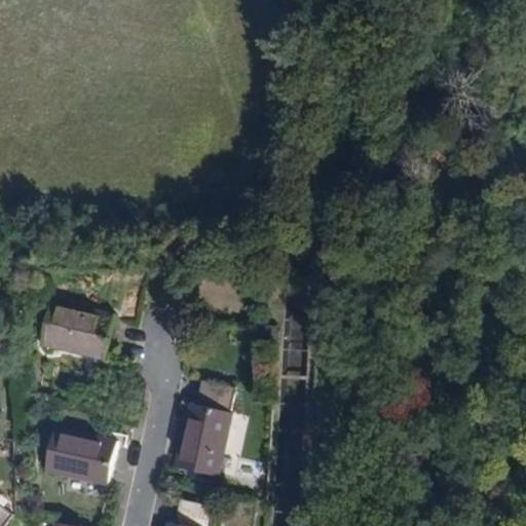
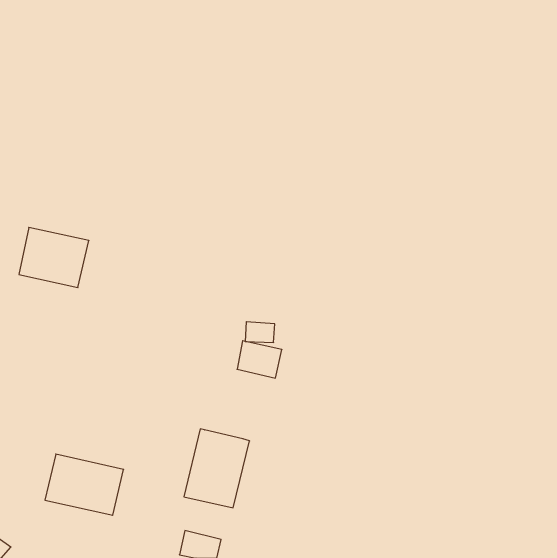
building: [42,305,108,362] -> [19,227,89,288]
building: [192,377,234,412] -> [237,341,282,378]

